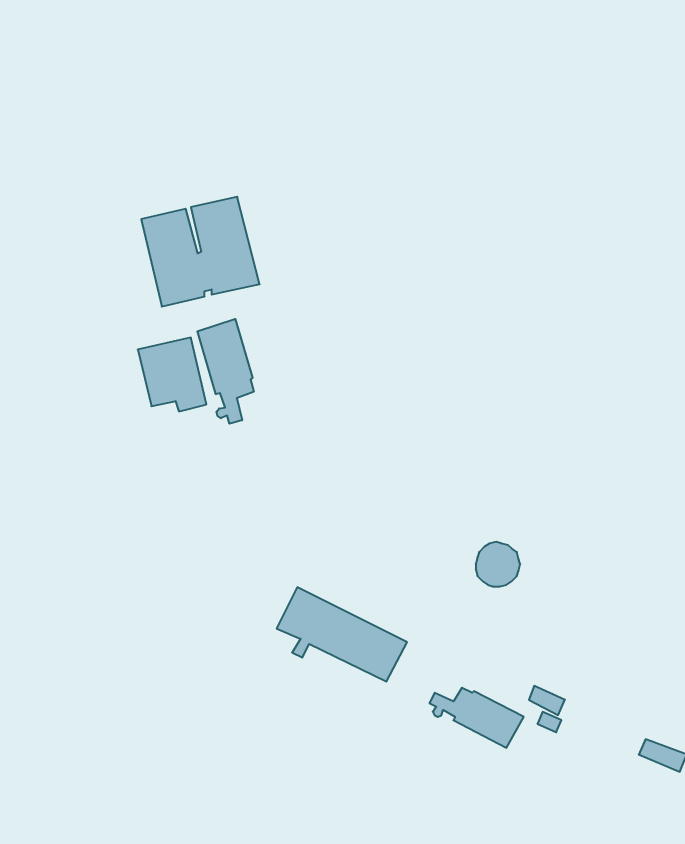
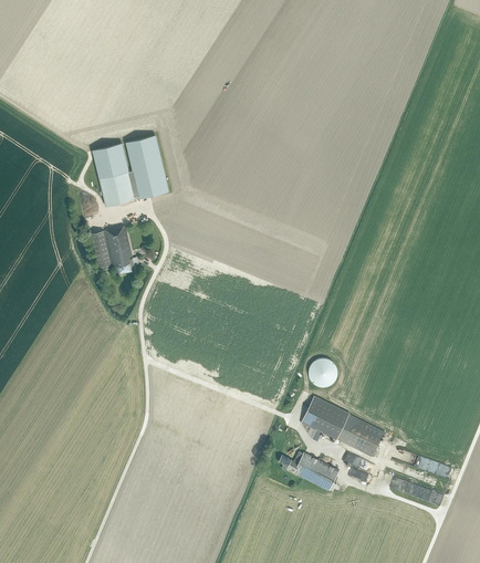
building: [197,319,254,424] -> none
building: [277,587,407,682] -> [301,396,385,457]

